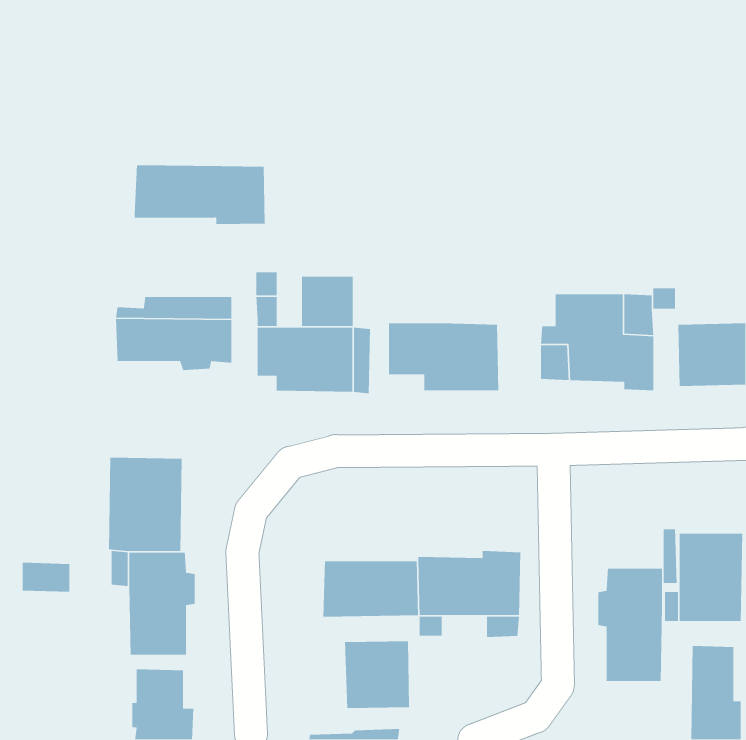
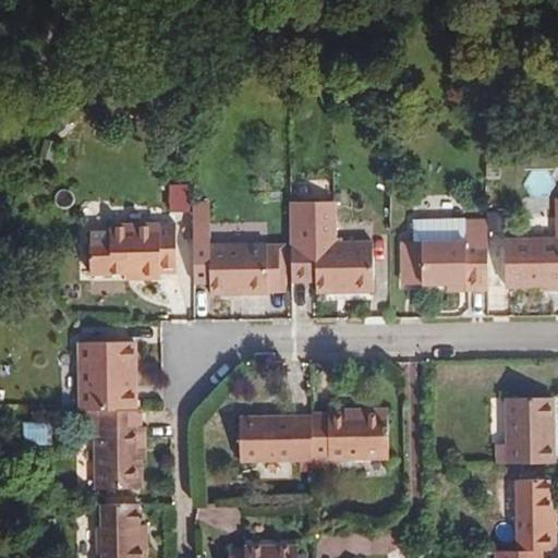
building: [134,165,266,225] -> none
building: [301,276,354,327] -> [290,203,329,241]
building: [597,568,663,682] -> none
building: [344,641,410,709] -> none

